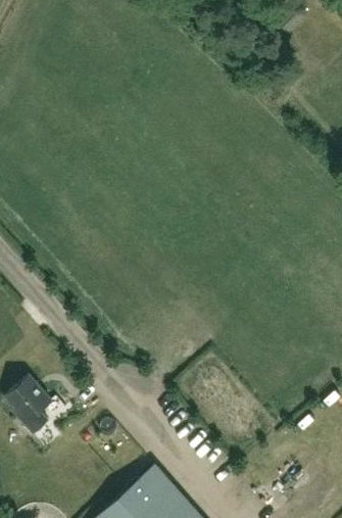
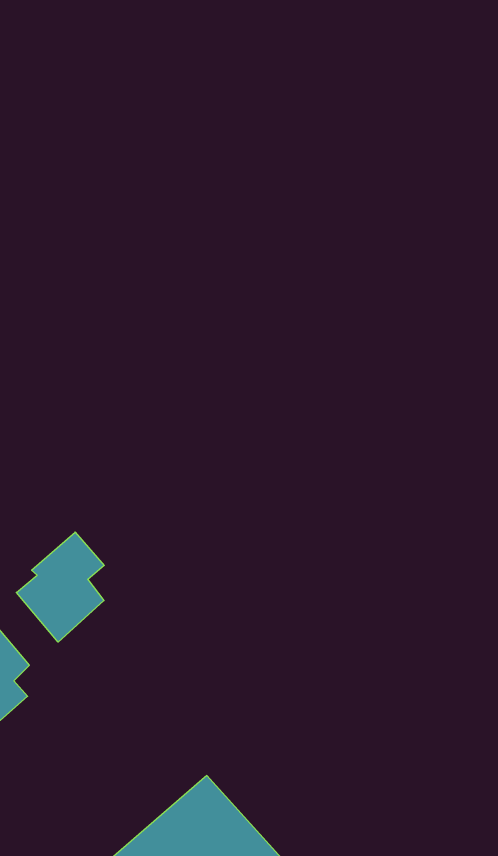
building: none -> [16,532,104,642]

